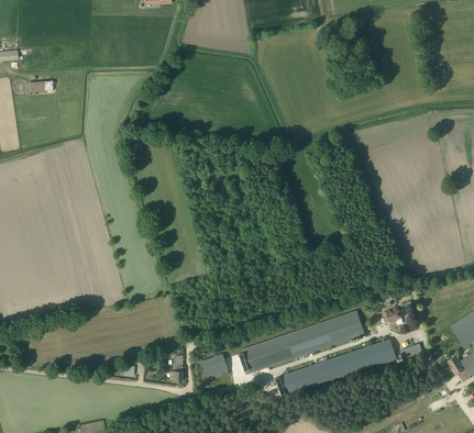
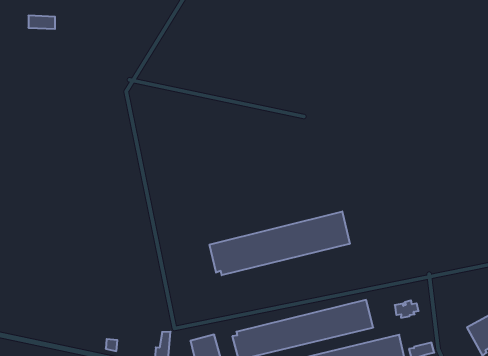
building: none -> [210,211,350,275]

